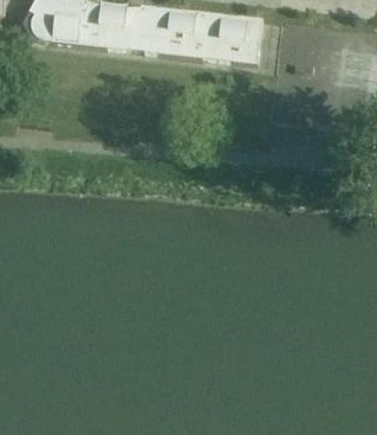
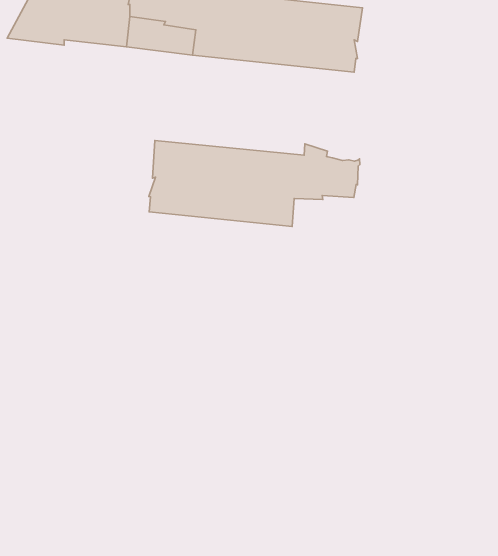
building: none -> [149,141,360,227]

